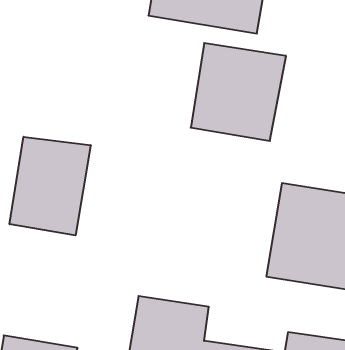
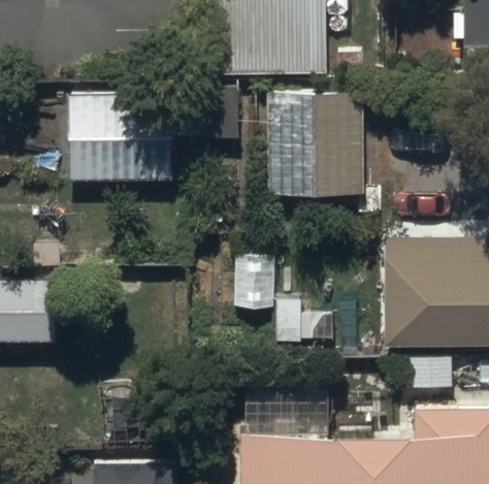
building: none -> [68,93,197,181]
building: [10,137,91,235] -> none

